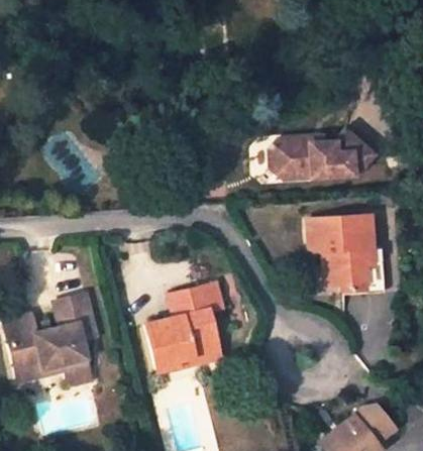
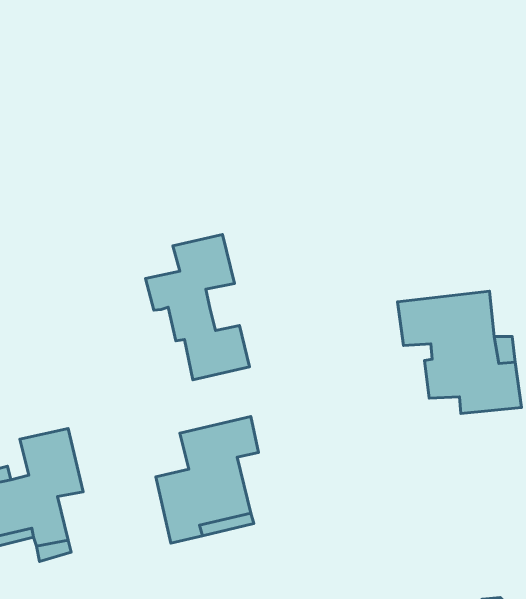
building: [279,122,383,174] -> none
building: none -> [145,235,249,380]

